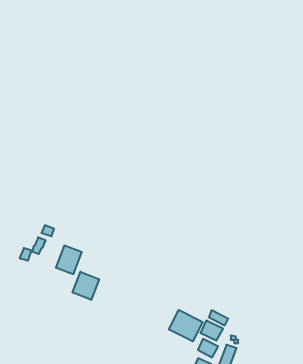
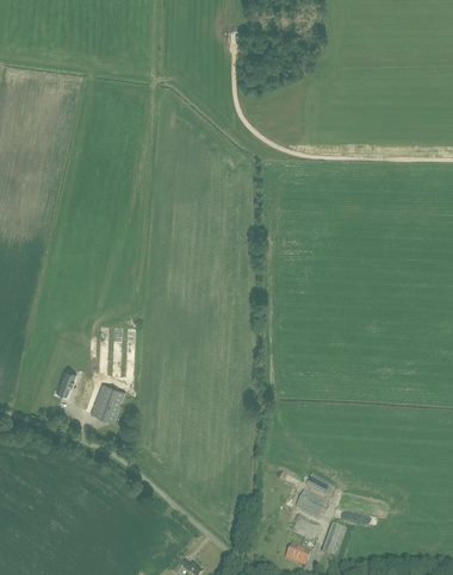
building: [73,272,99,300] -> none
building: [169,310,203,341] -> none

